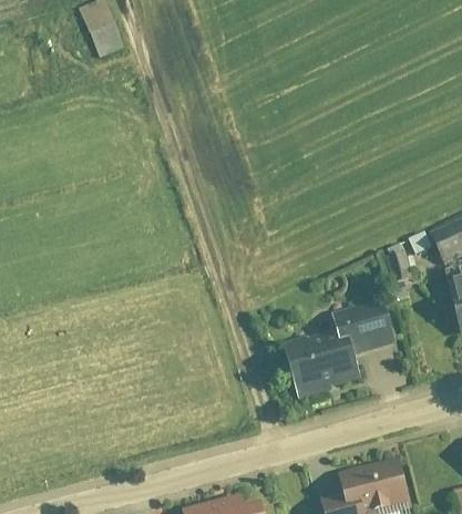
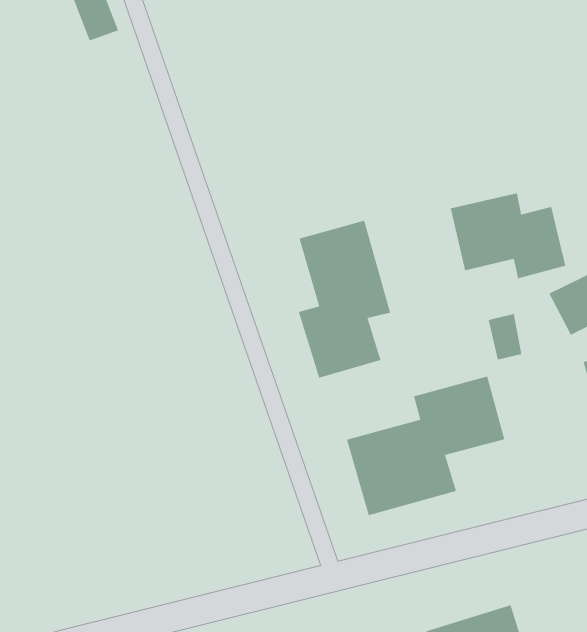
building: none -> [450,192,566,279]
building: none -> [298,220,391,378]

